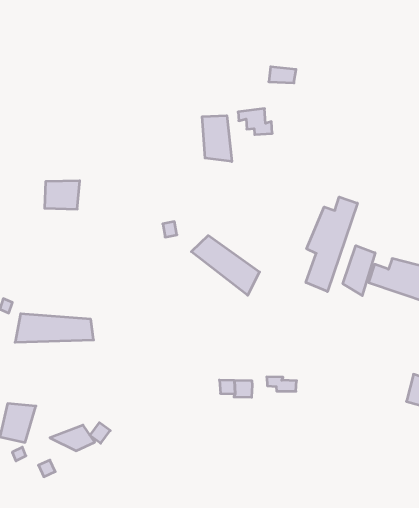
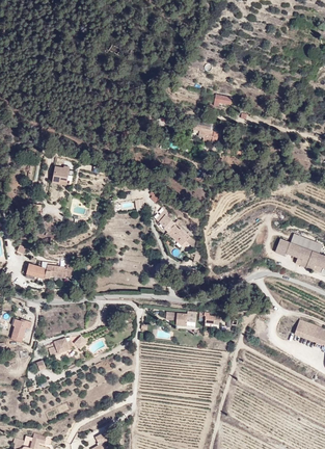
building: [202,116,232,162] -> none
building: [306,197,357,292] -> none
building: [343,246,375,296] -> none

